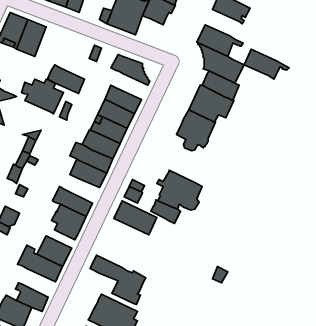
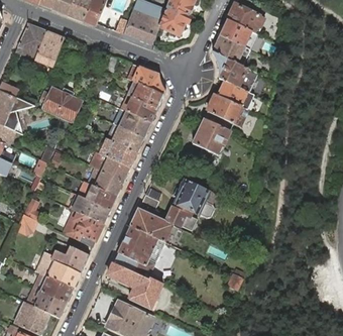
building: [244,49,289,79] -> [220,20,264,49]
building: [48,65,85,94] -> [127,81,163,109]
building: none -> [77,181,116,211]
building: none -> [113,226,164,277]
building: none -> [32,272,73,304]

